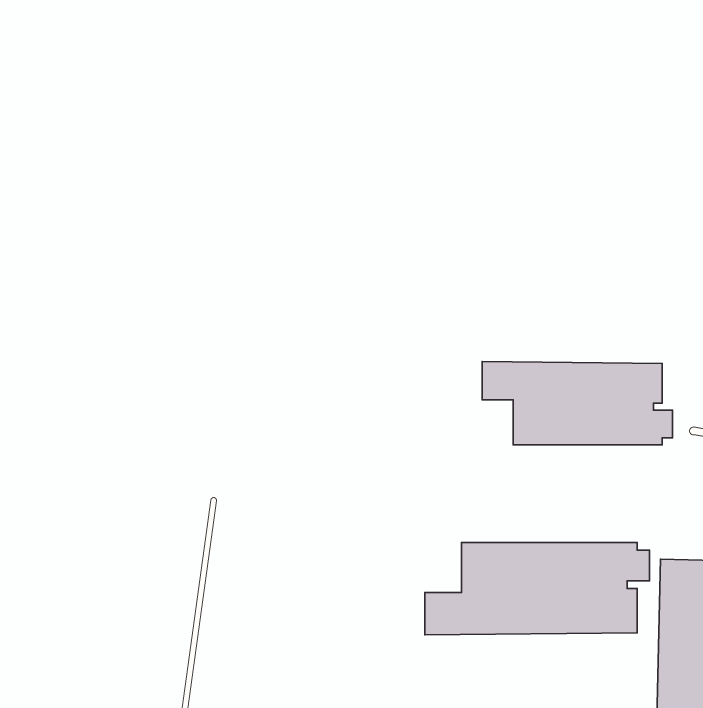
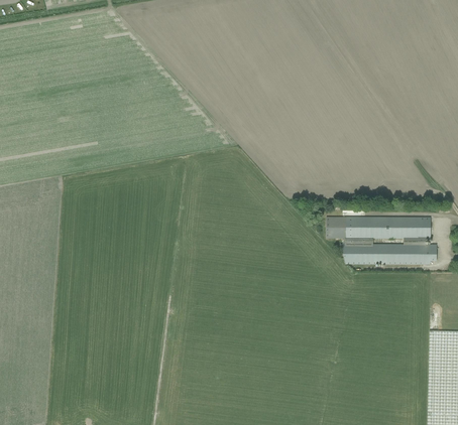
building: [425,542,650,635] -> none

